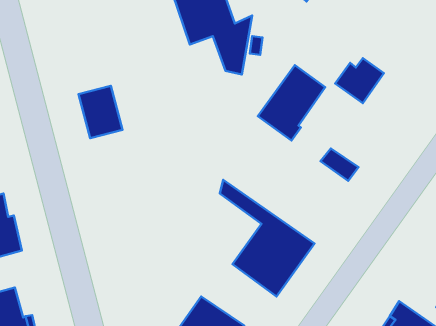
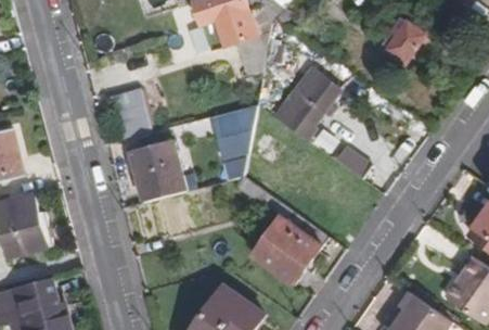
building: [335,58,384,103] -> [379,22,425,64]
building: none -> [211,105,257,158]
building: none -> [130,140,186,202]

